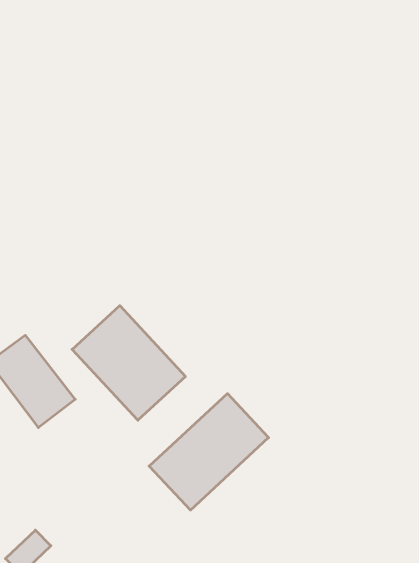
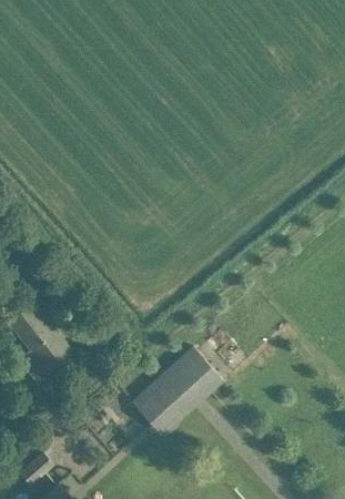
building: [72,306,185,420] -> none

